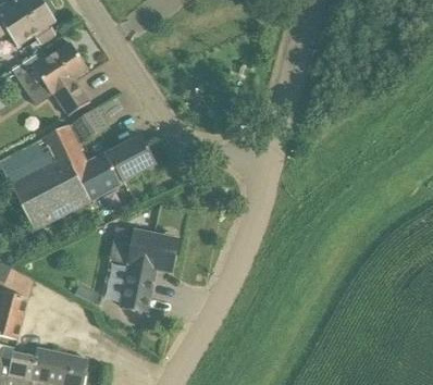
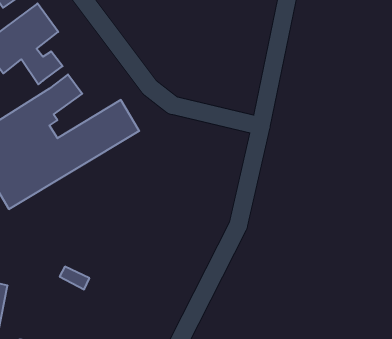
building: [110,226,178,311] -> none

